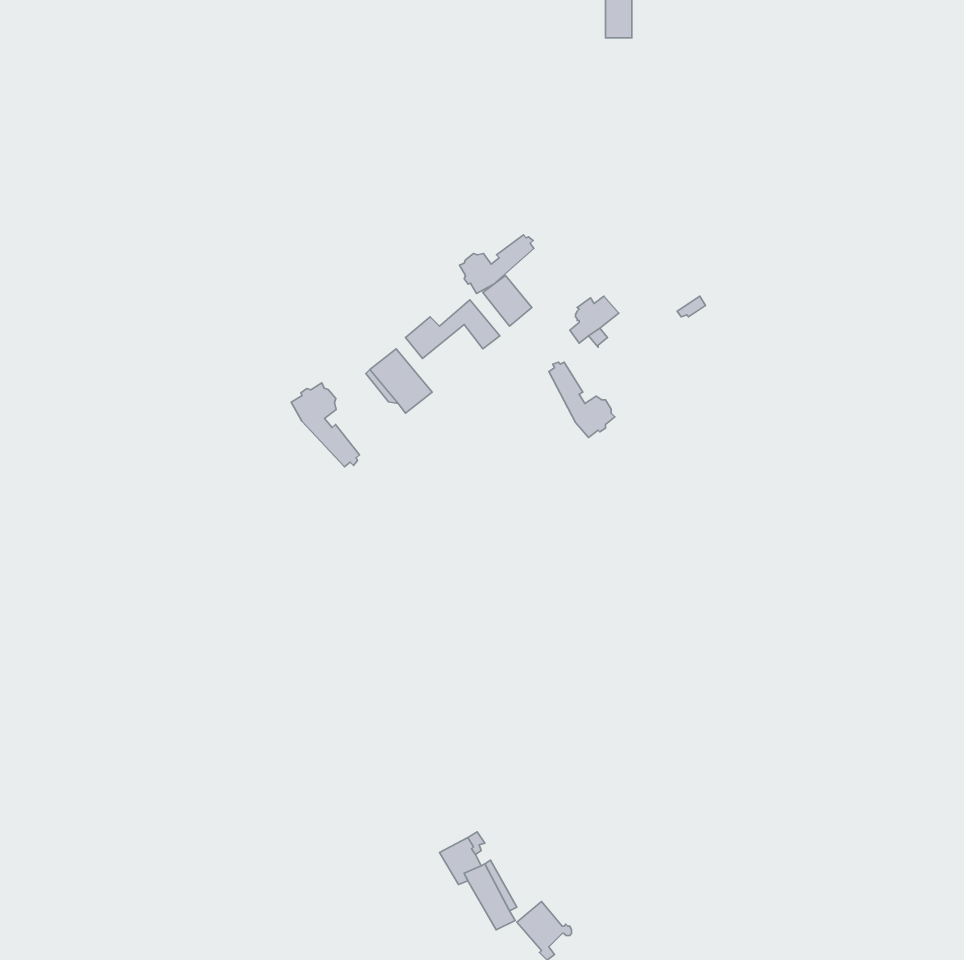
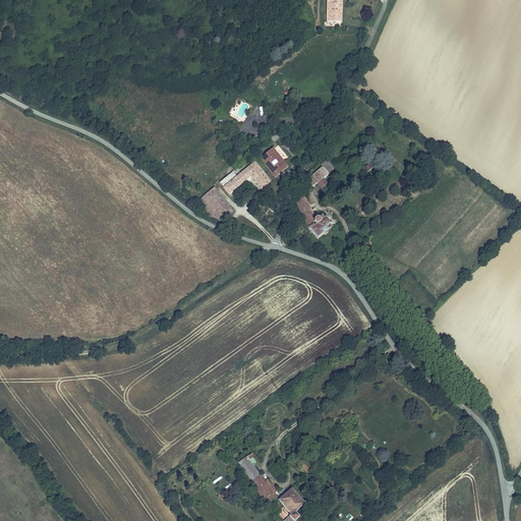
building: [460,235,534,293] -> none
building: [291,383,359,467] -> none

